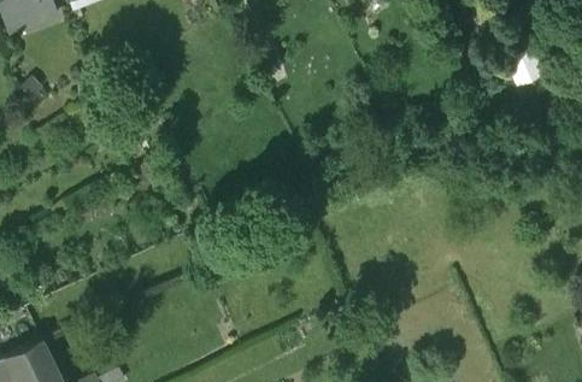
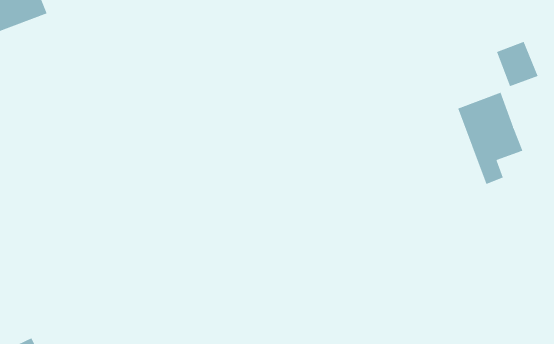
building: none -> [458,92,523,185]

